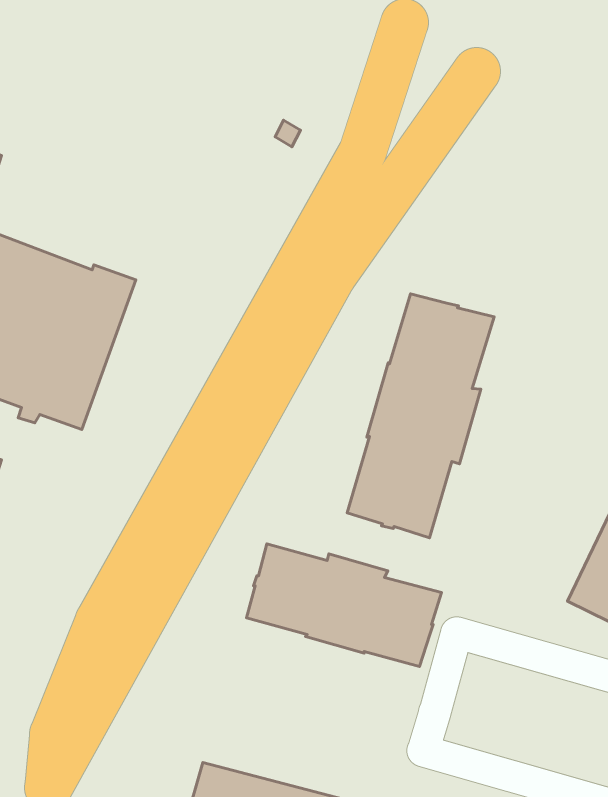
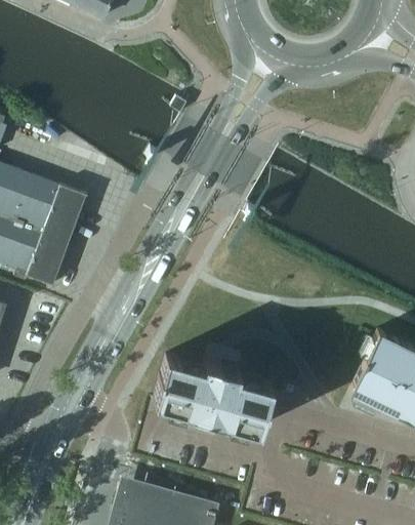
building: [347,294,494,538] -> none

